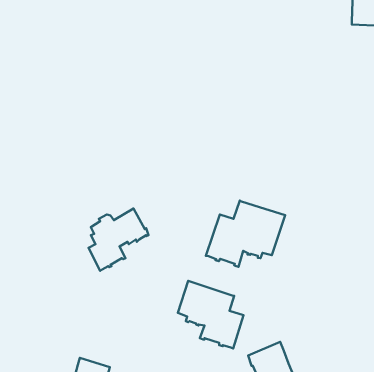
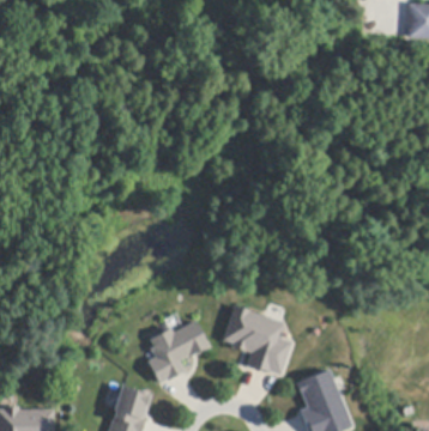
building: [206,200,285,267] -> none
building: [88,209,148,271] -> [149,321,211,386]

